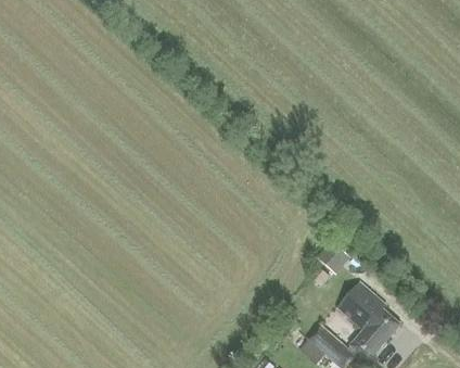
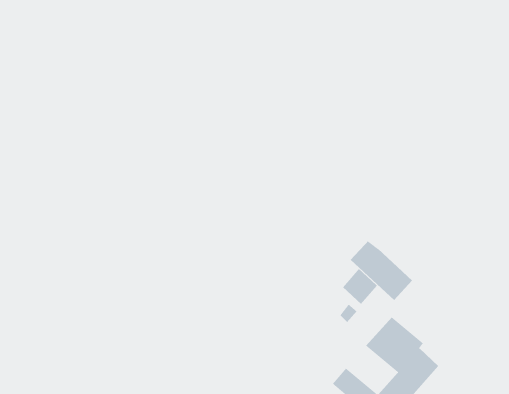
building: none -> [350,240,413,301]

